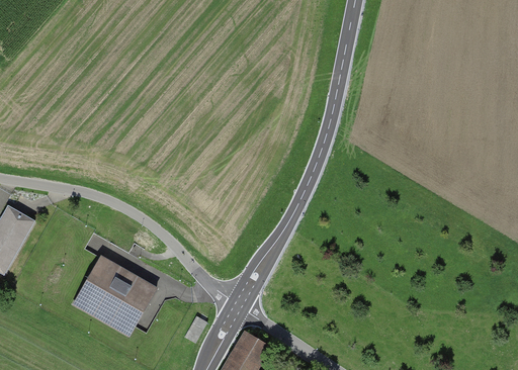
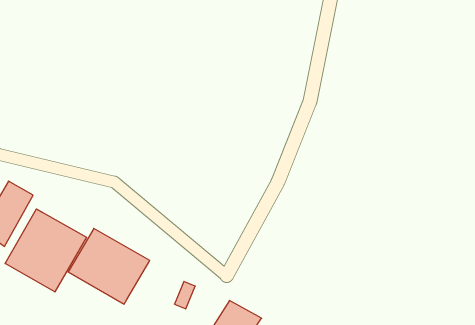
building: none -> [5,209,87,292]

